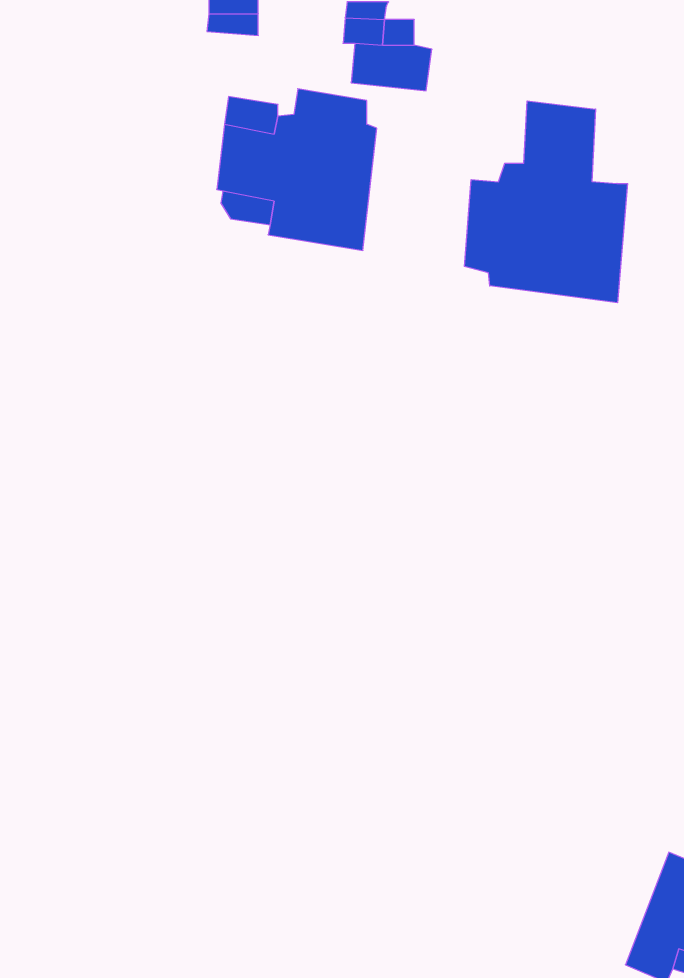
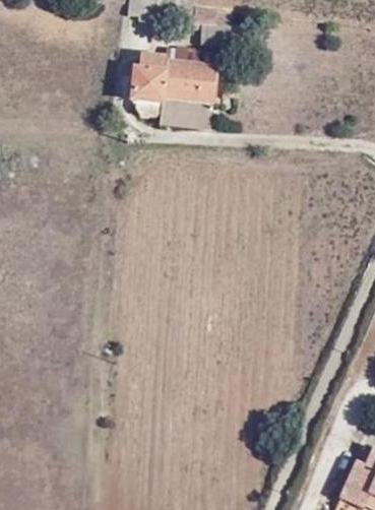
building: [464,101,628,303] -> none

